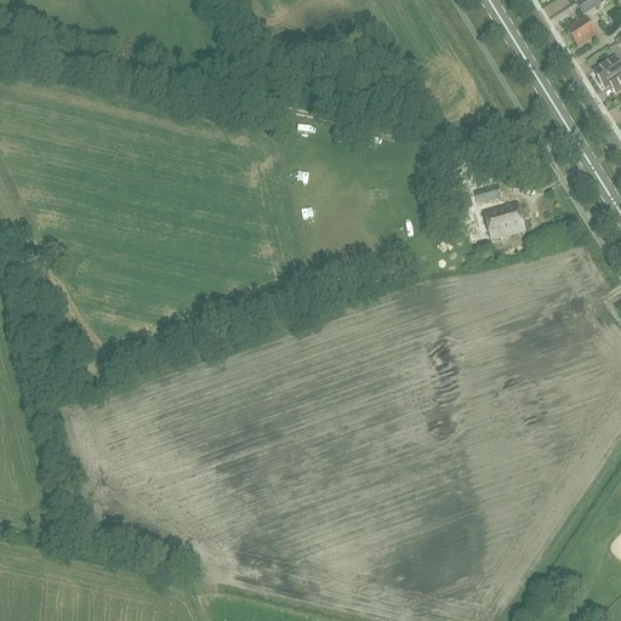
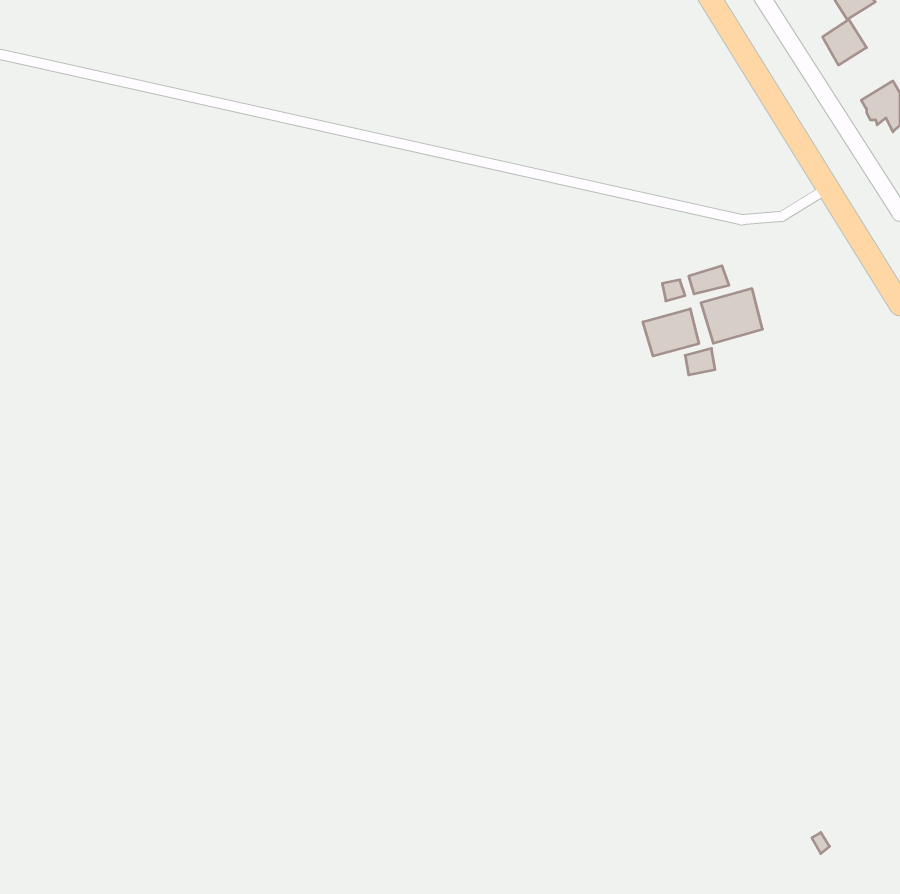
building: none -> [643,309,699,356]

